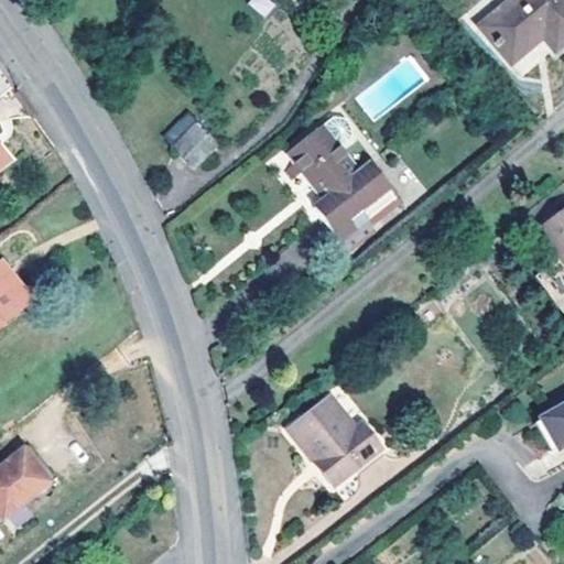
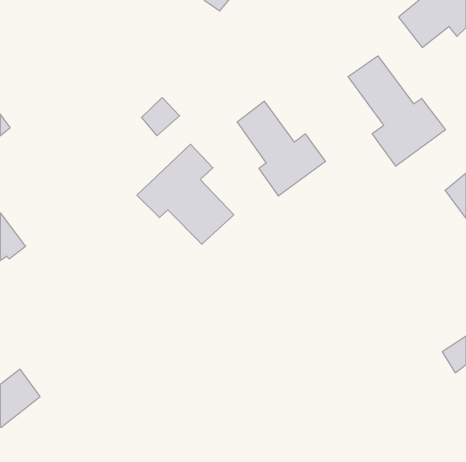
building: none -> [348,56,445,166]
building: none -> [137,144,234,244]
building: [288,393,378,479] -> none

